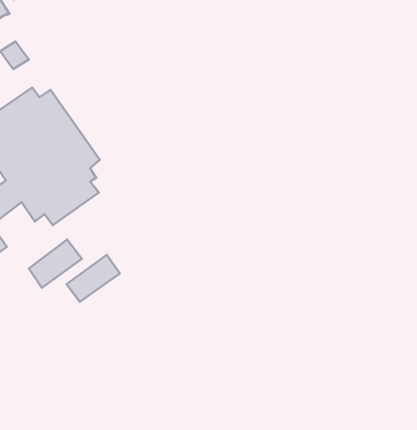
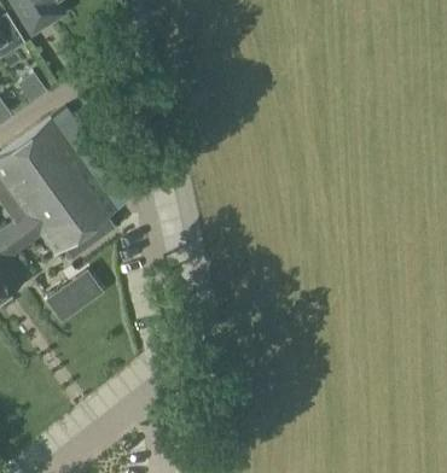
building: [66,255,120,302] -> none

